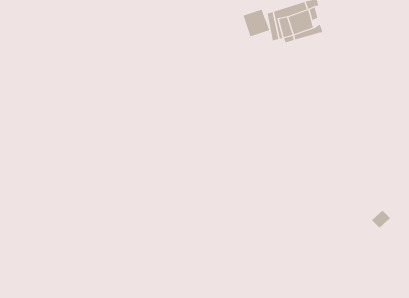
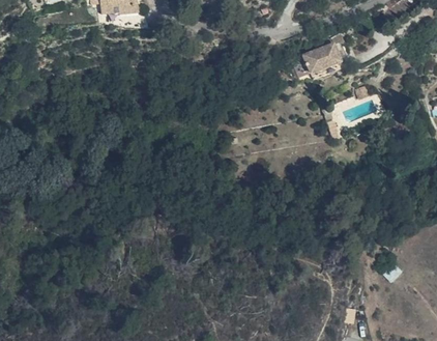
building: [243,9,270,37] -> none

